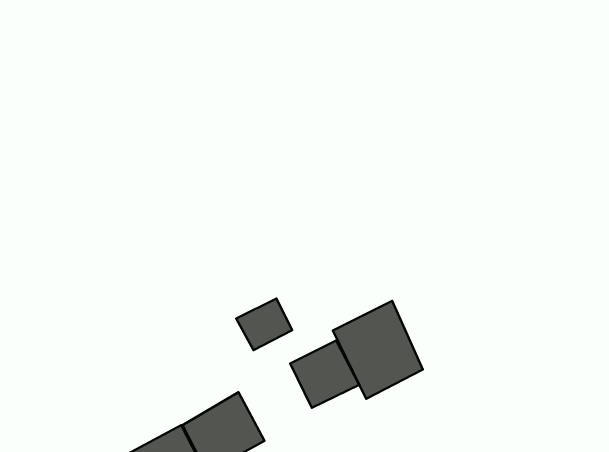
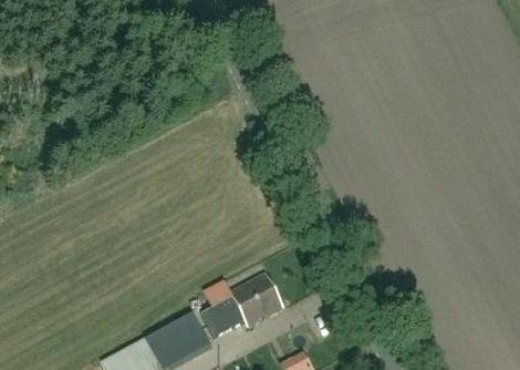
building: [236,298,292,350] -> [200,296,243,336]
building: [333,301,423,399] -> none

